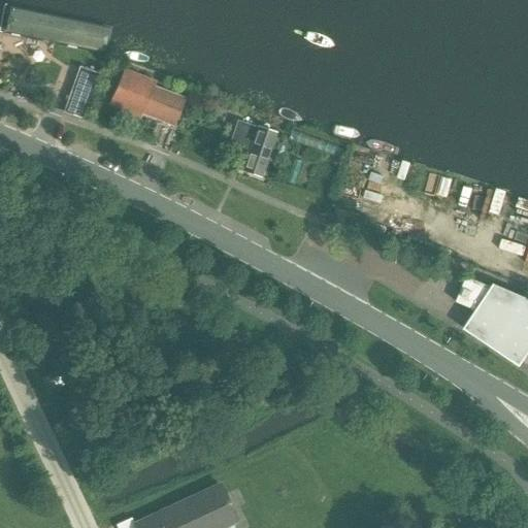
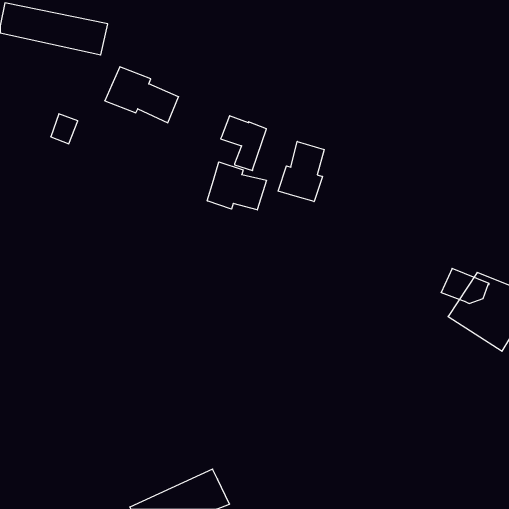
building: [71,68,99,99] -> [51,114,78,144]
building: none -> [278,141,324,202]
building: none -> [207,162,266,210]

